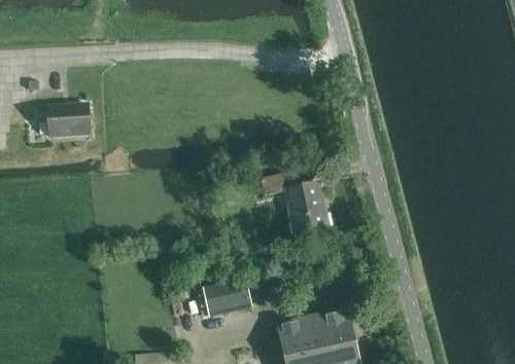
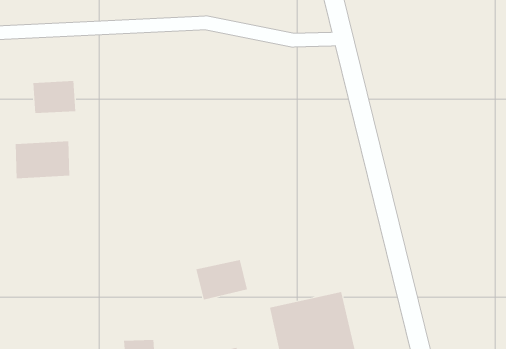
building: none -> [15,141,70,179]
building: [260,171,328,236] -> none

